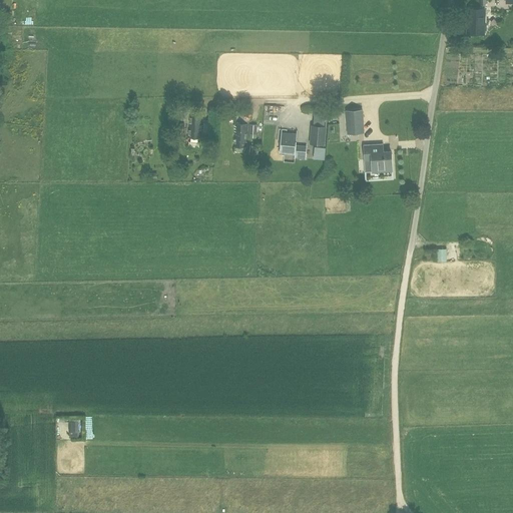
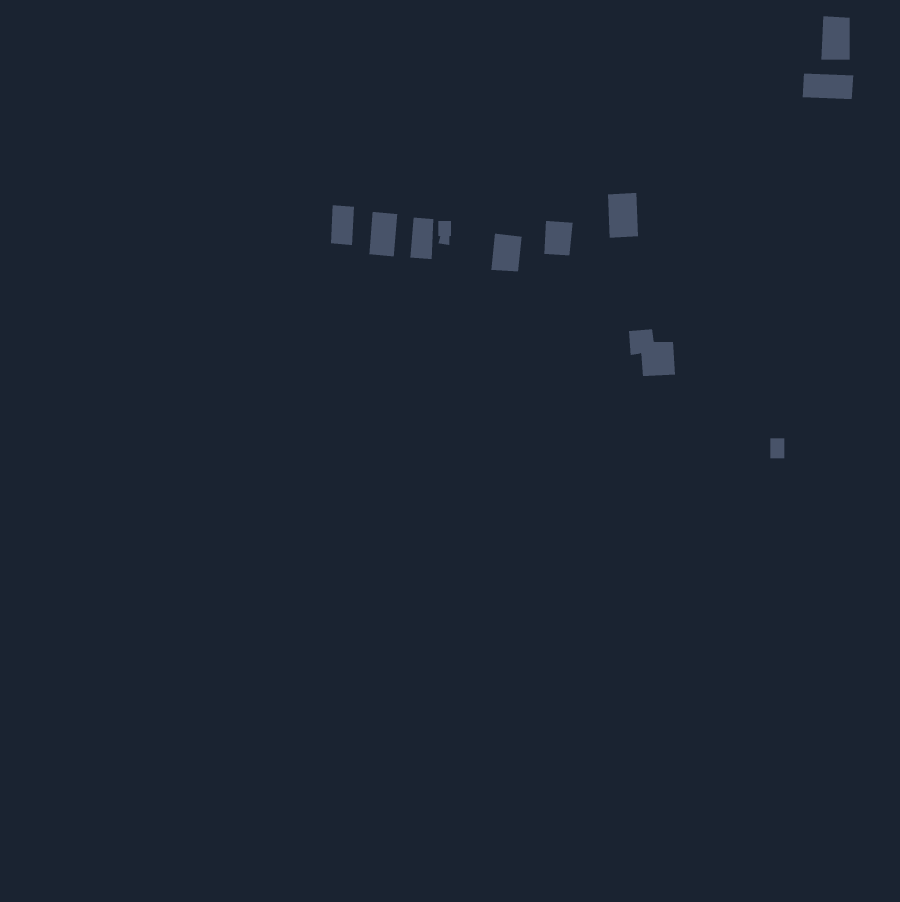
building: none -> [802,73,854,100]
building: none -> [369,211,398,257]
building: [364,145,391,172] -> [628,329,676,377]

